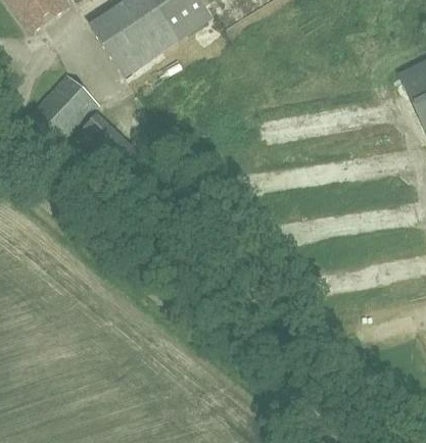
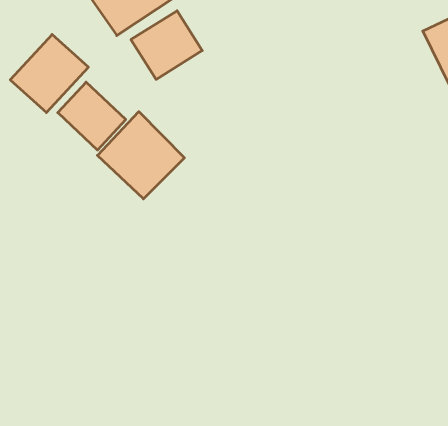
building: none -> [131,11,202,79]
building: none -> [97,112,184,199]

